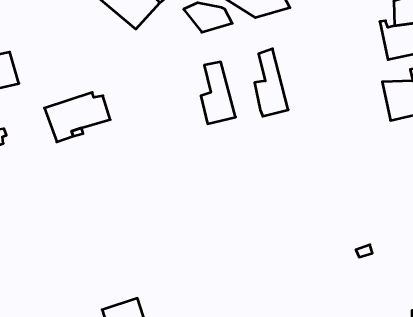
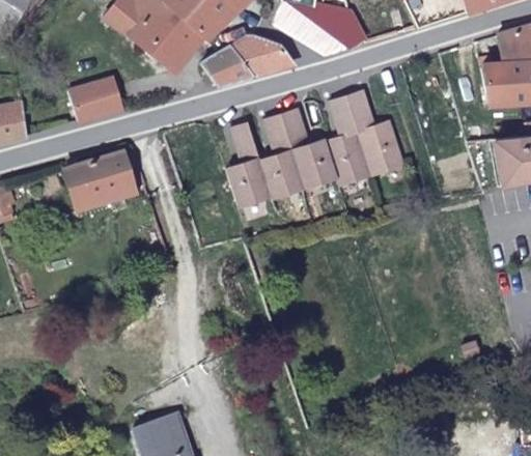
building: none -> [204,47,258,86]
building: none -> [73,80,129,122]
building: none -> [347,93,400,173]
building: none -> [282,110,332,182]
building: none -> [225,121,266,197]

